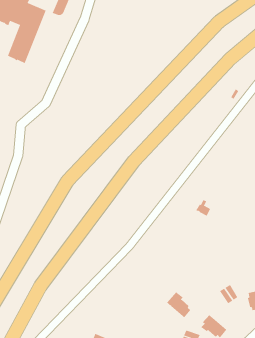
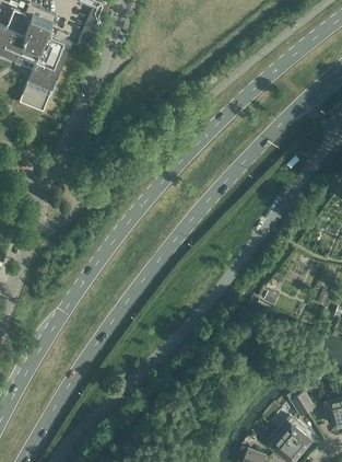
building: [166,291,191,318] -> [276,416,308,450]

